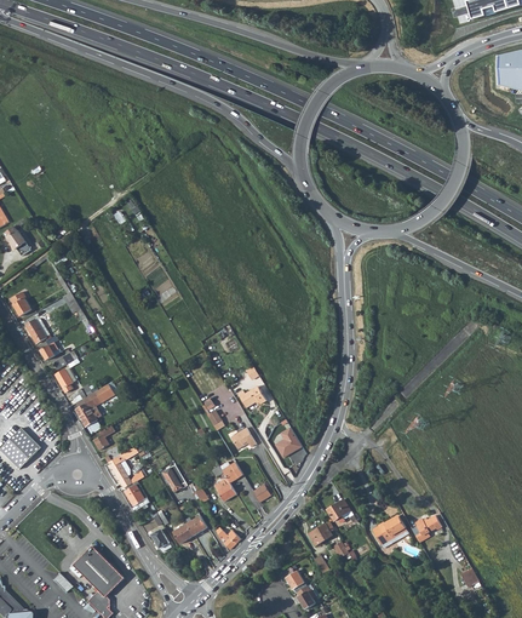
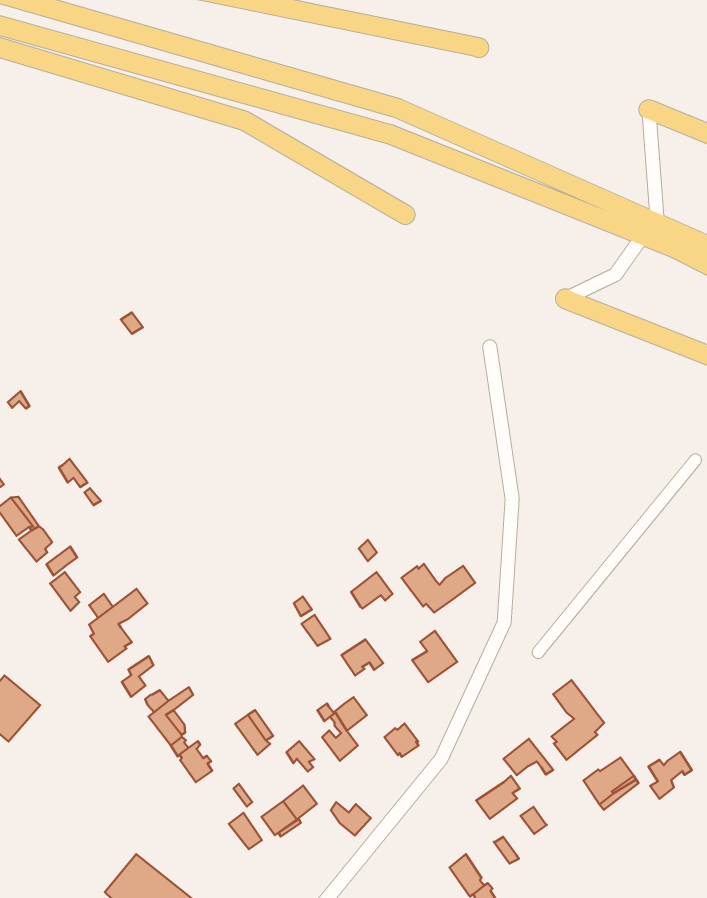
building: none -> [402,564,475,613]
building: none -> [551,680,604,760]

